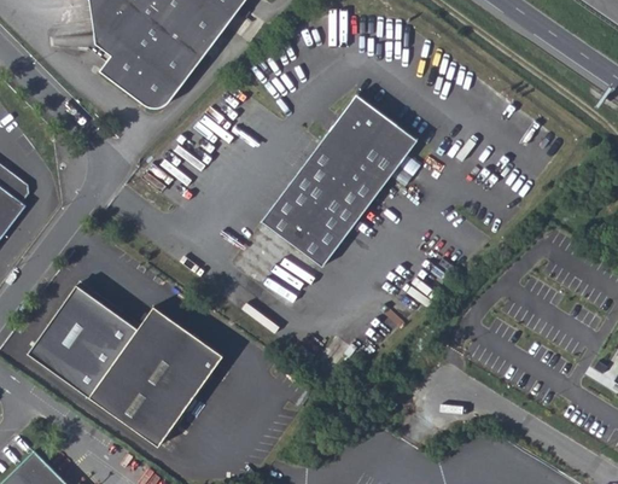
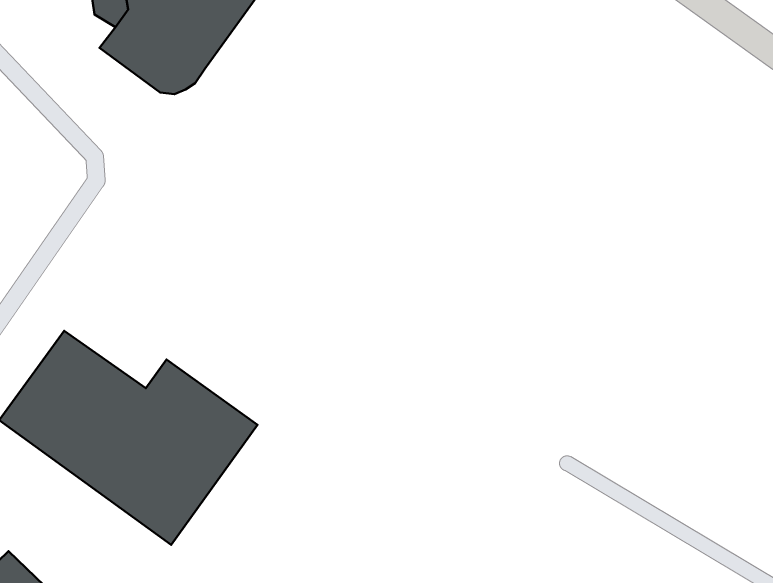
building: [262,94,416,266] -> none

